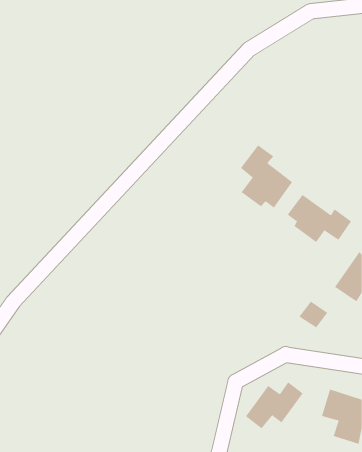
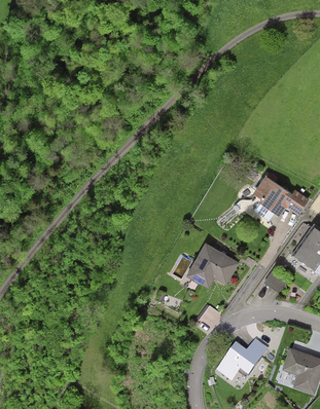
building: [240,145,293,208] -> none
building: none -> [186,244,239,290]

